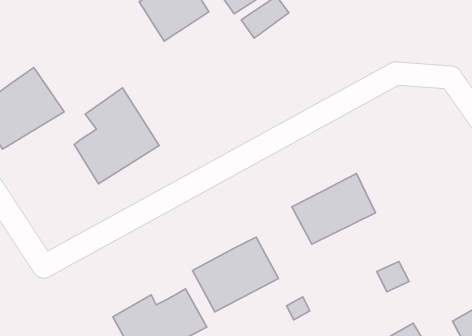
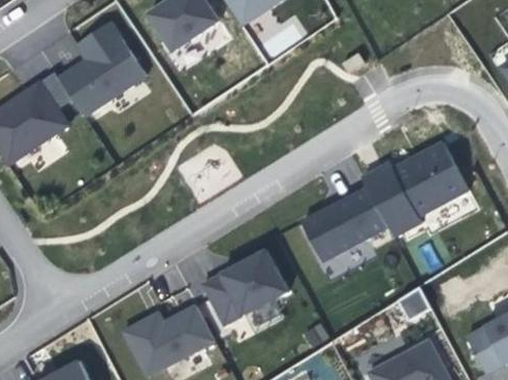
building: [74,88,159,184] -> [60,17,147,115]
building: none -> [362,141,470,237]

